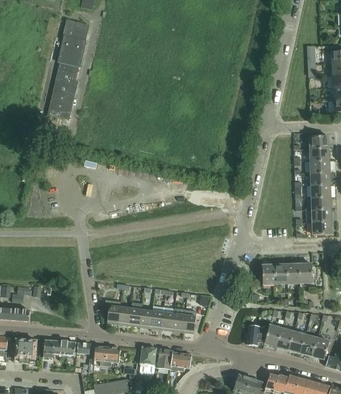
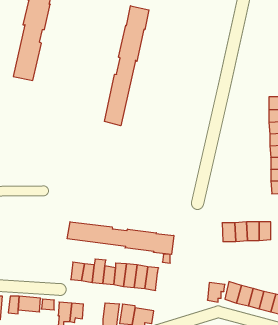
building: none -> [104,6,149,126]
building: none -> [67,222,174,254]

